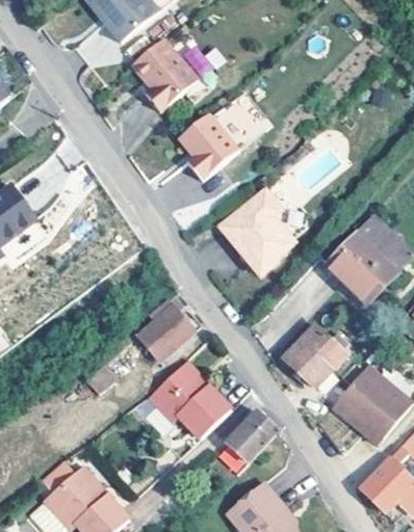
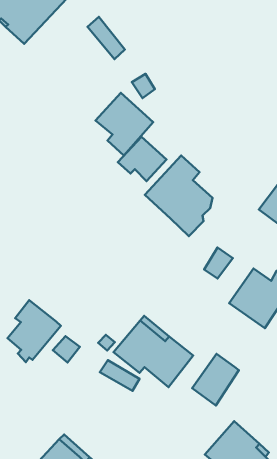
building: [122,44,188,115] -> none
building: none -> [118,137,166,181]
building: [139,295,198,360] -> [7,300,61,362]

